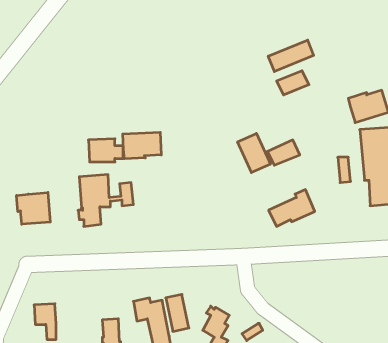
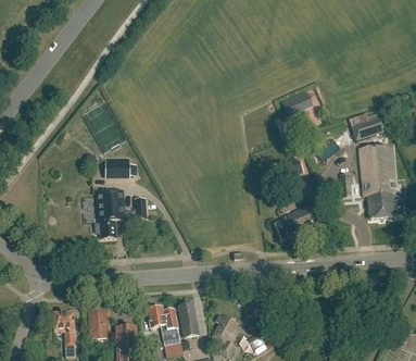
building: [268,40,314,72] -> none
building: [123,132,161,159] -> none
building: [238,133,270,173] -> none
building: [17,192,50,224] -> none
building: none -> [89,310,109,337]

